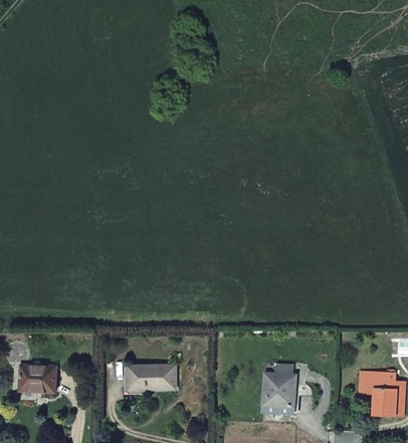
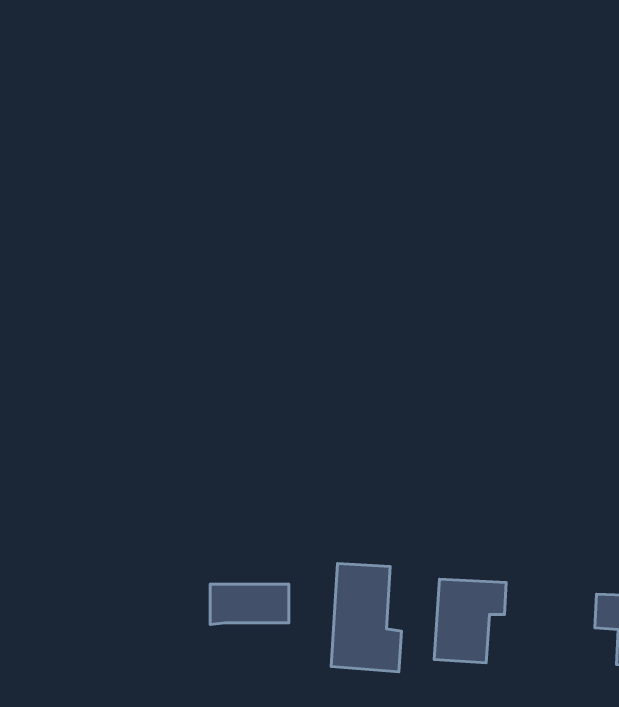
building: none -> [331,563,402,672]
building: [19,365,55,392] -> none

